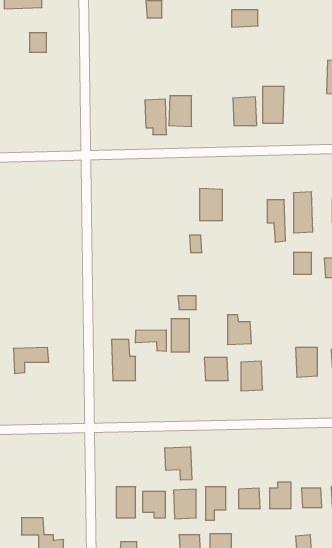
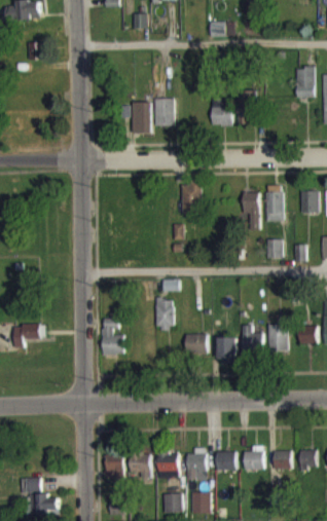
building: [227,315,251,345] -> [242,326,263,352]
building: [135,330,166,351] -> none
building: [165,447,192,480] -> none

